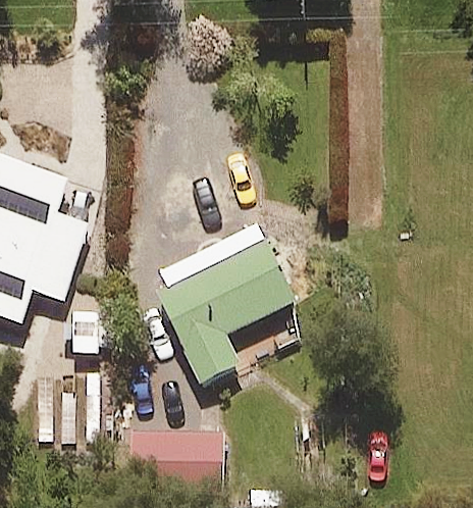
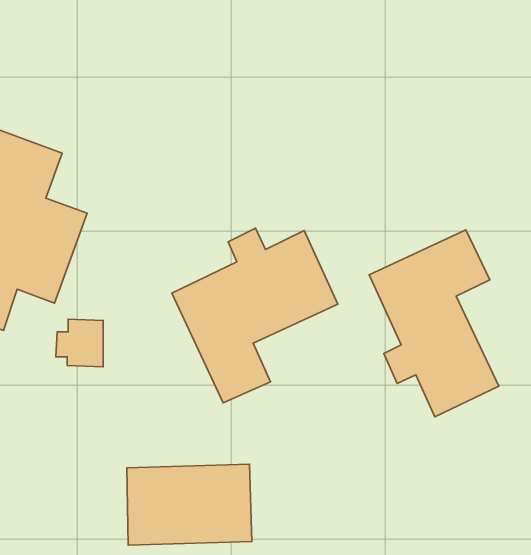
building: none -> [369,230,499,417]

